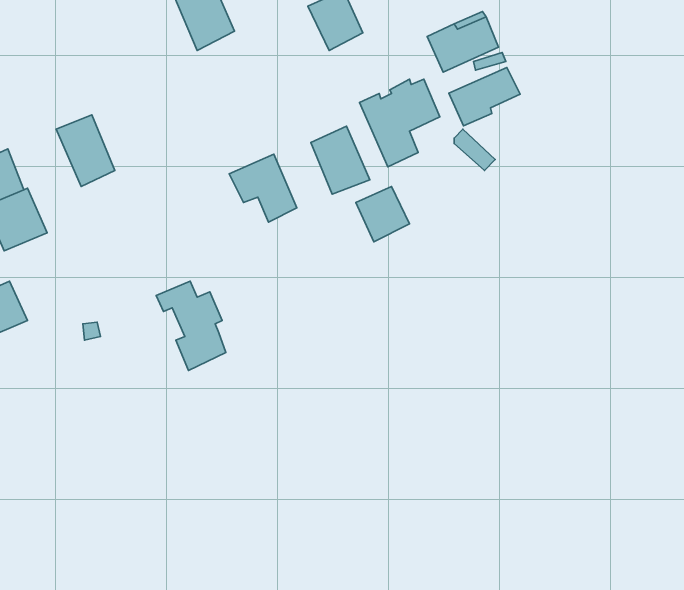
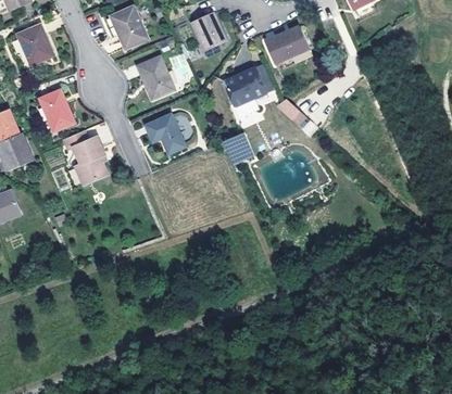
building: none -> [16,23,52,64]
building: [449,67,520,126] -> none
building: [311,126,370,194] -> [137,55,173,97]
building: [156,281,226,370] -> [63,129,105,183]

